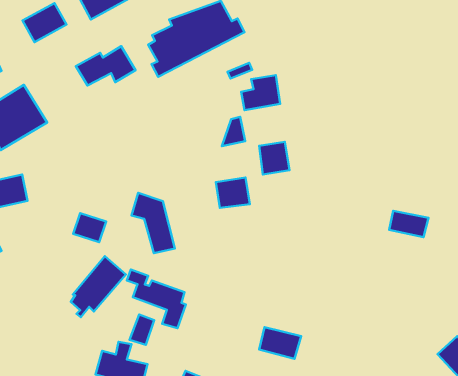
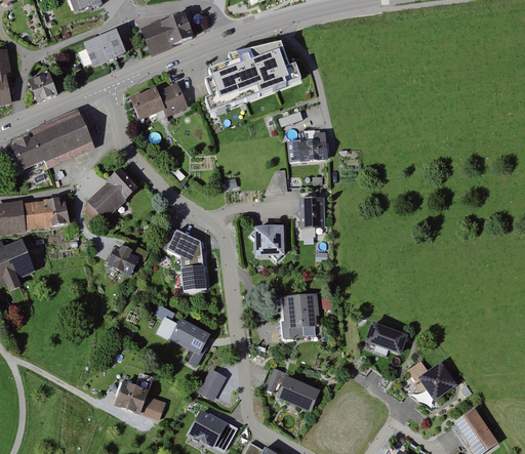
building: [389,211,428,237] -> [365,322,405,352]
building: none -> [279,294,318,338]
building: [71,256,126,317] -> [83,166,140,223]
building: none -> [417,362,454,398]
building: [130,315,154,345] -> [198,370,225,401]

